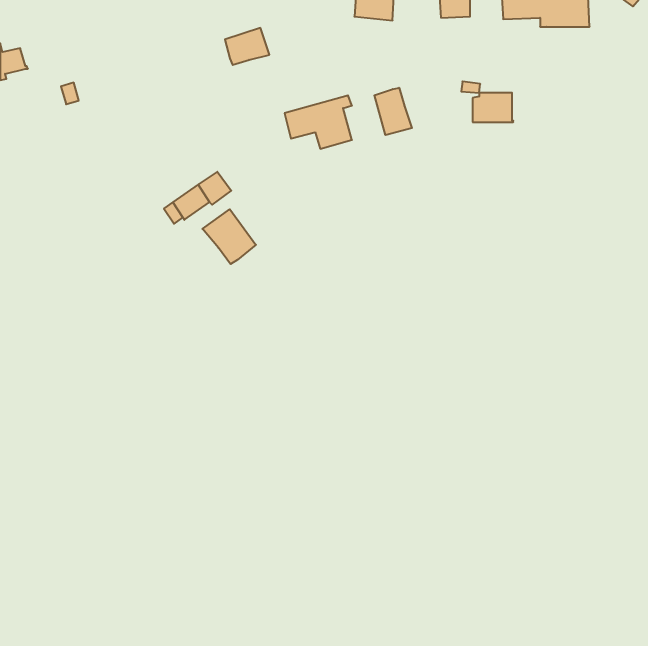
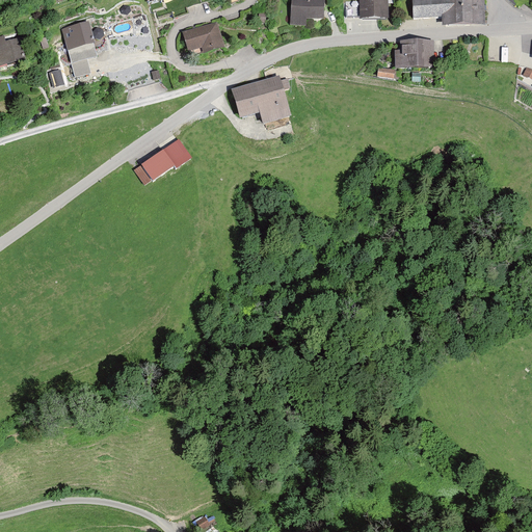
building: none -> [63,21,98,75]
building: [374,88,412,135] -> none
building: [473,93,513,122] -> [397,42,430,65]
building: [202,209,256,264] -> none

